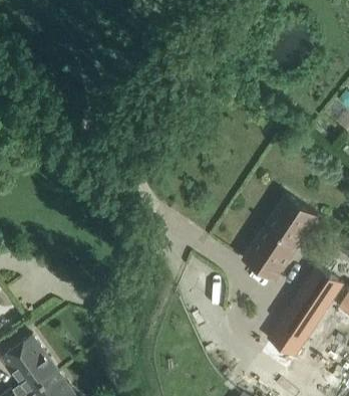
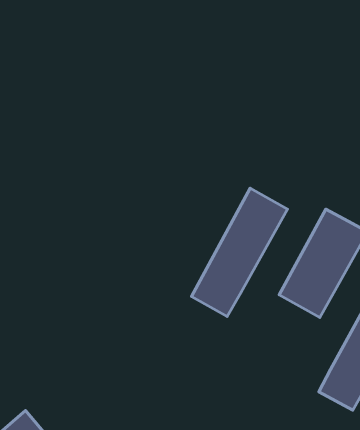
building: none -> [192,188,288,317]

